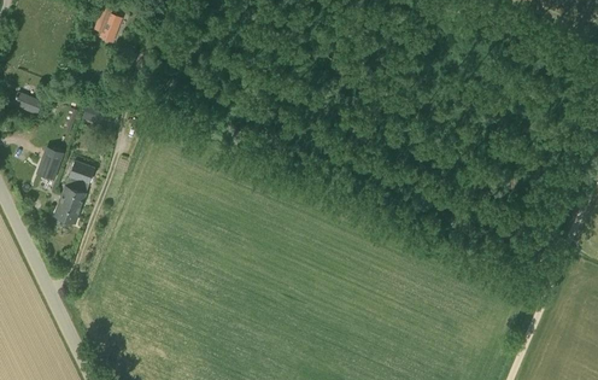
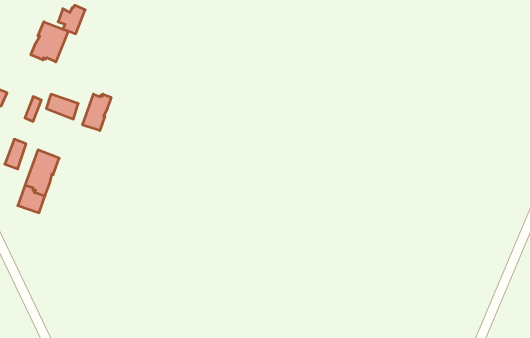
building: none -> [31,22,68,62]
building: none -> [83,94,111,131]

